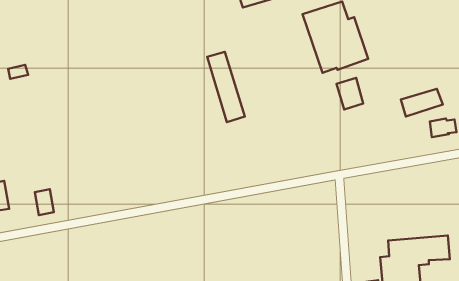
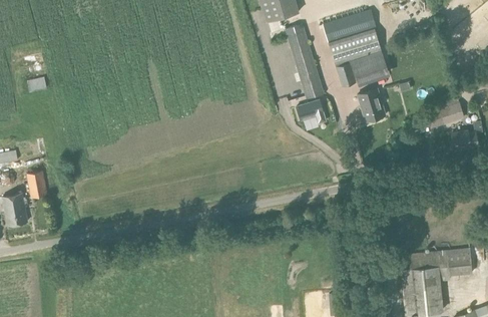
building: [207,52,245,122] -> [287,28,325,99]
building: none -> [295,101,324,123]
building: [35,189,54,215] -> [29,173,48,199]

